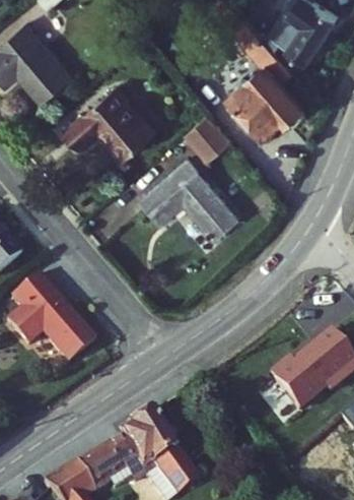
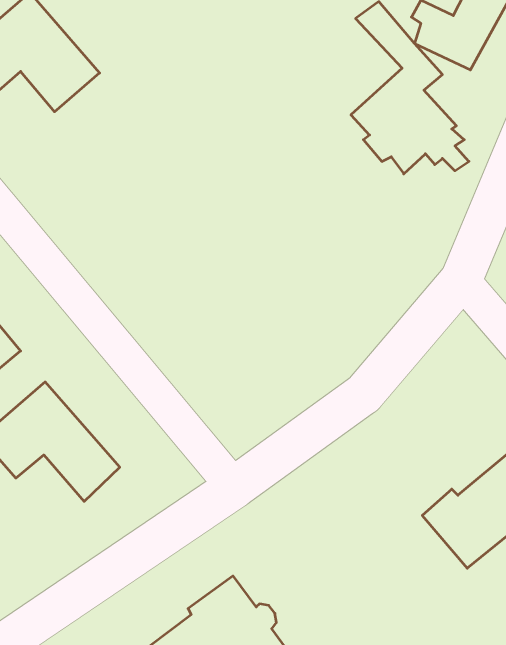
building: [58,90,152,166] -> none
building: [180,117,222,160] -> none
building: [134,162,232,242] -> none

